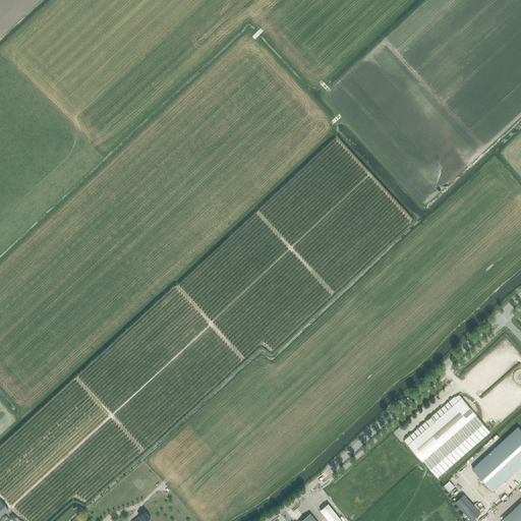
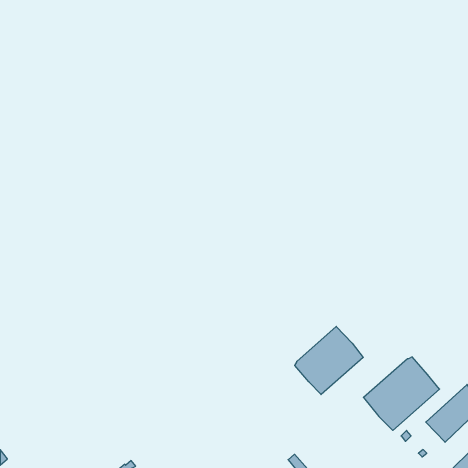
building: none -> [295,326,363,395]

